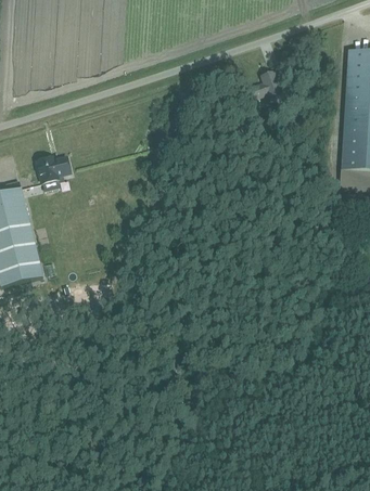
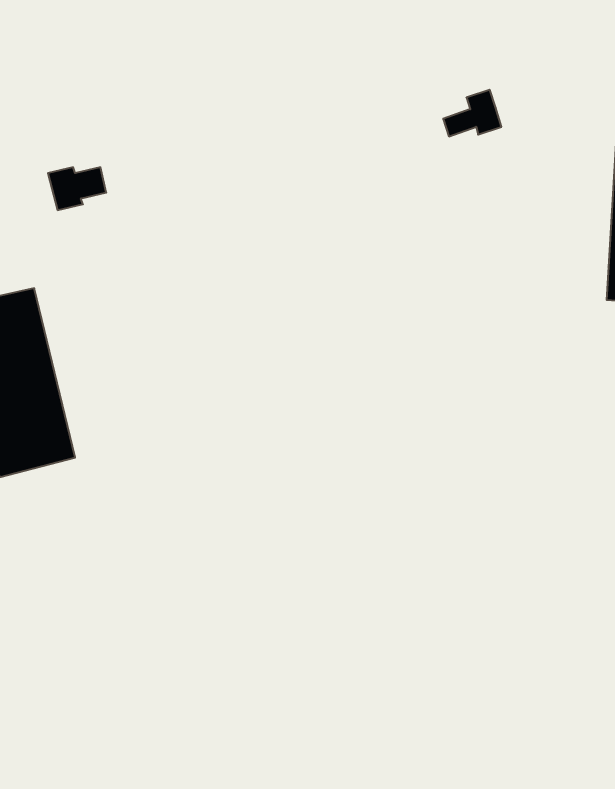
building: [38,156,71,180] -> [48,167,106,210]

